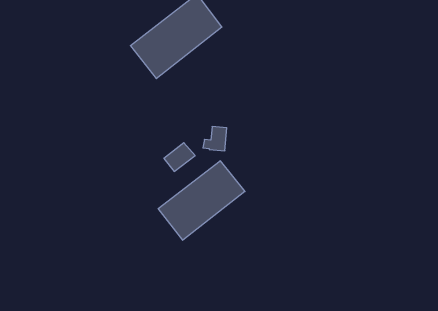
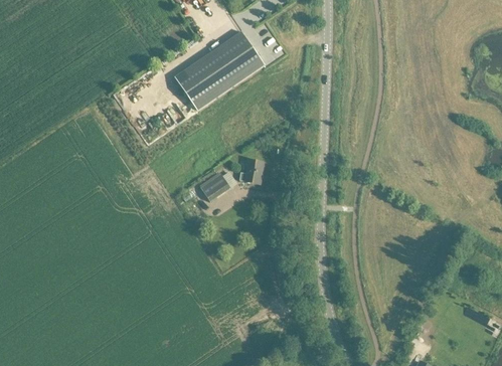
building: [158,161,245,240] -> none

